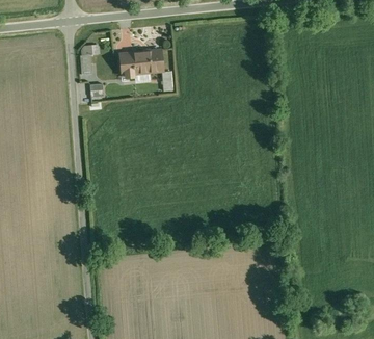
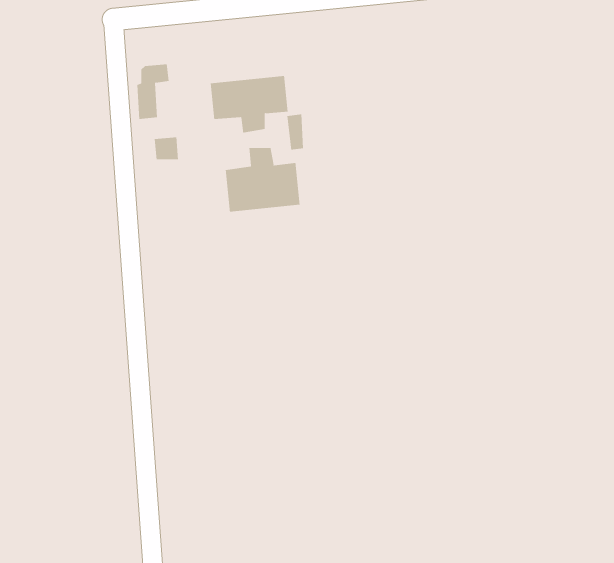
building: none -> [225,147,300,212]

